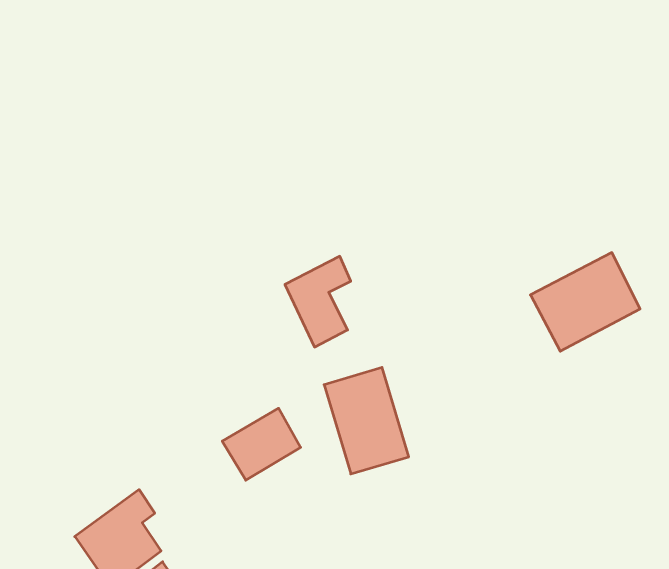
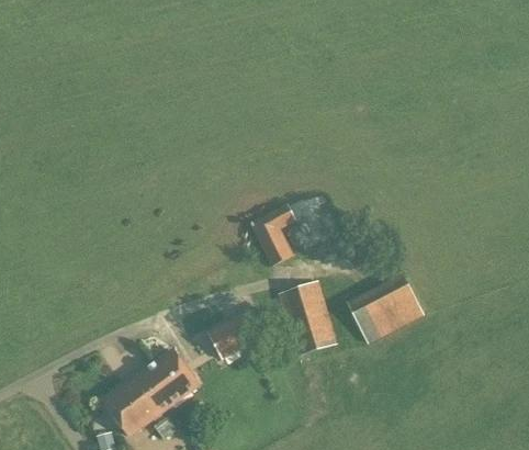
building: [530,253,640,351] -> [346,272,423,341]
building: none -> [148,349,199,409]

